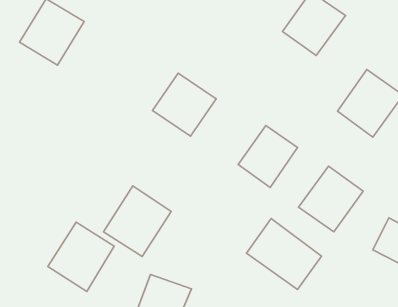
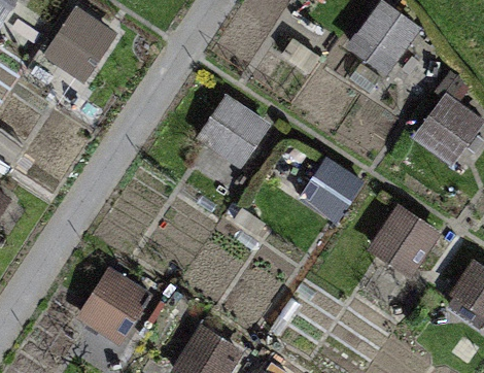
building: [103,186,171,257] -> none
building: [247,219,322,289] -> none

